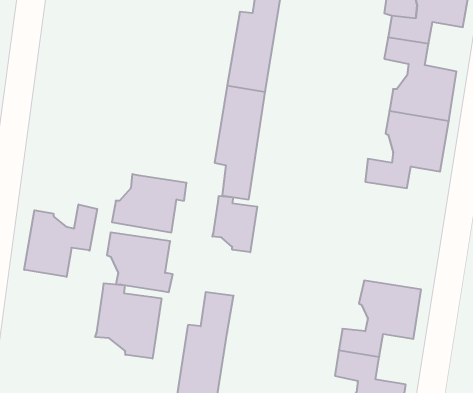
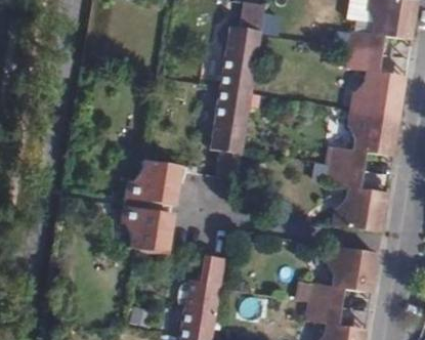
building: none -> [329,165,387,231]
building: [212,196,257,252] -> none
building: [24,204,97,277] -> none
building: [95,283,161,359] -> none

